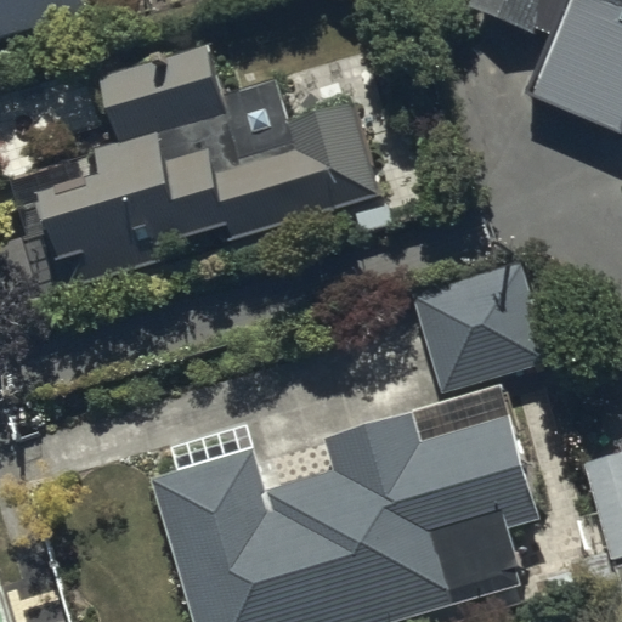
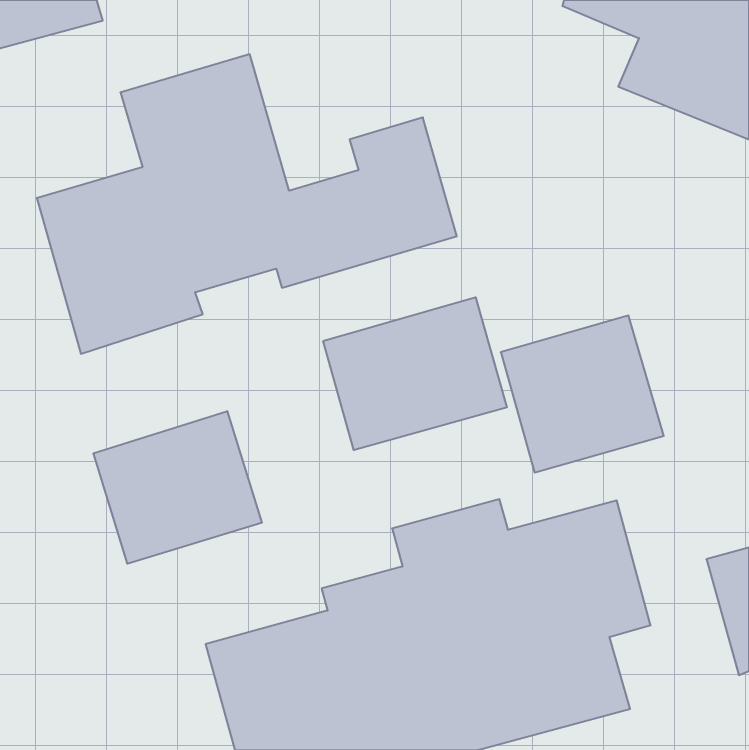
building: none -> [323,297,507,450]
building: none -> [93,411,262,564]

